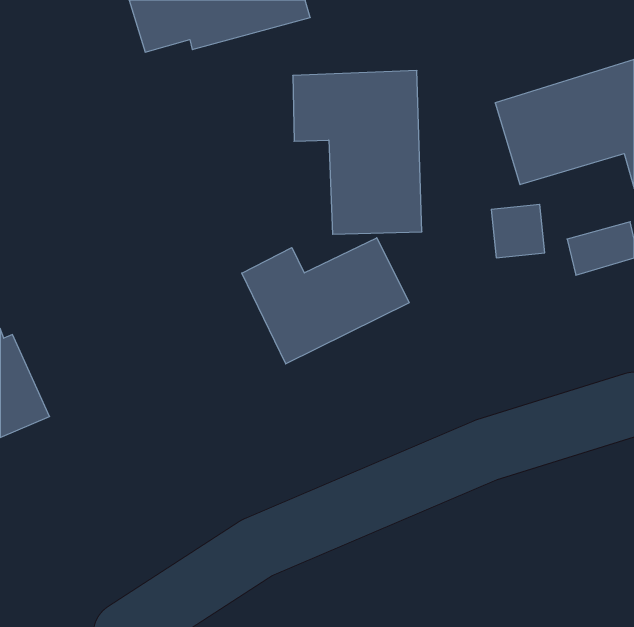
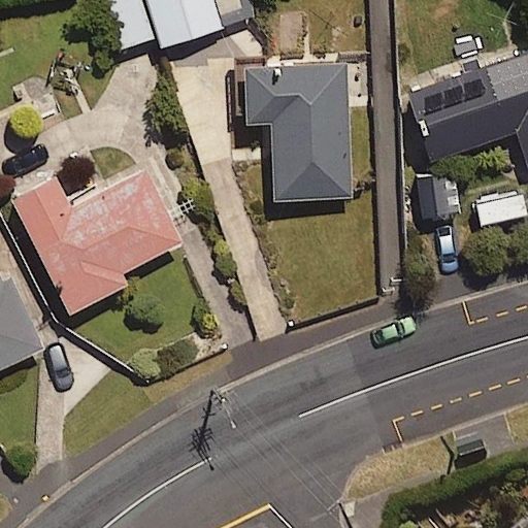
building: none -> [13,170,178,312]
building: [242,238,409,364] -> none

